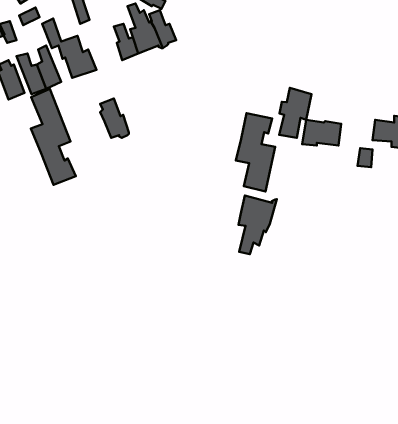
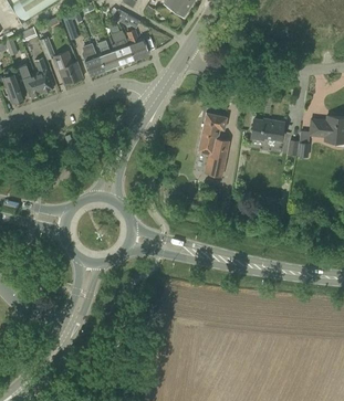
building: [279,88,312,138] -> none
building: [31,89,76,185] -> none
building: [100,99,129,138] -> [81,42,104,74]
building: [239,195,277,254] -> none

